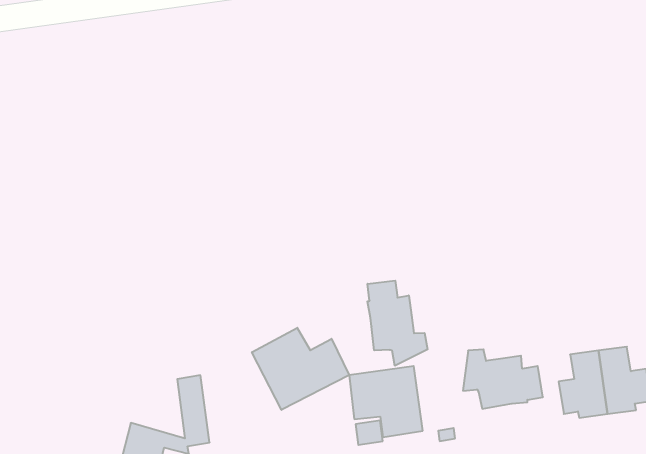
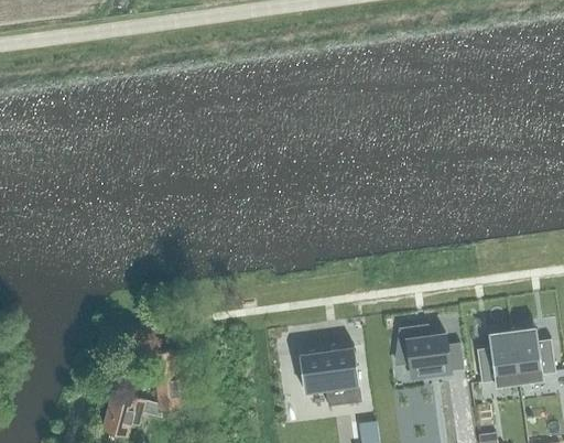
building: [367,281,428,366] -> none
building: [252,328,349,410] -> none

